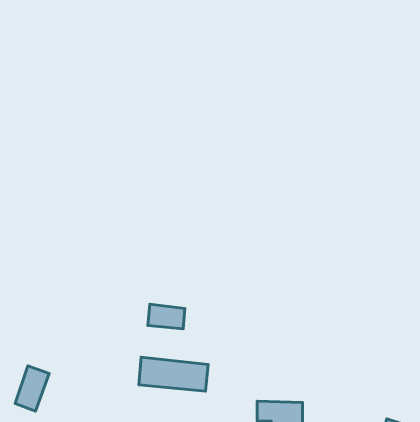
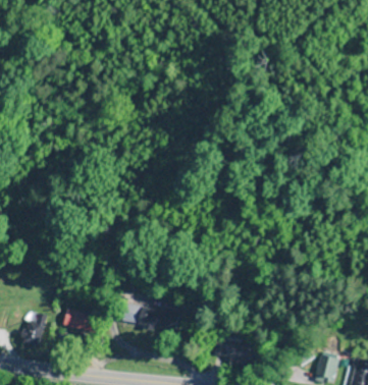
building: [148,304,185,329] -> none
building: none -> [62,308,97,332]

